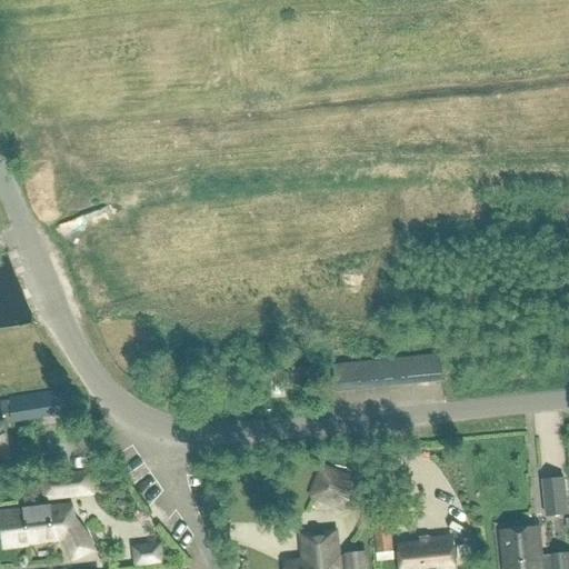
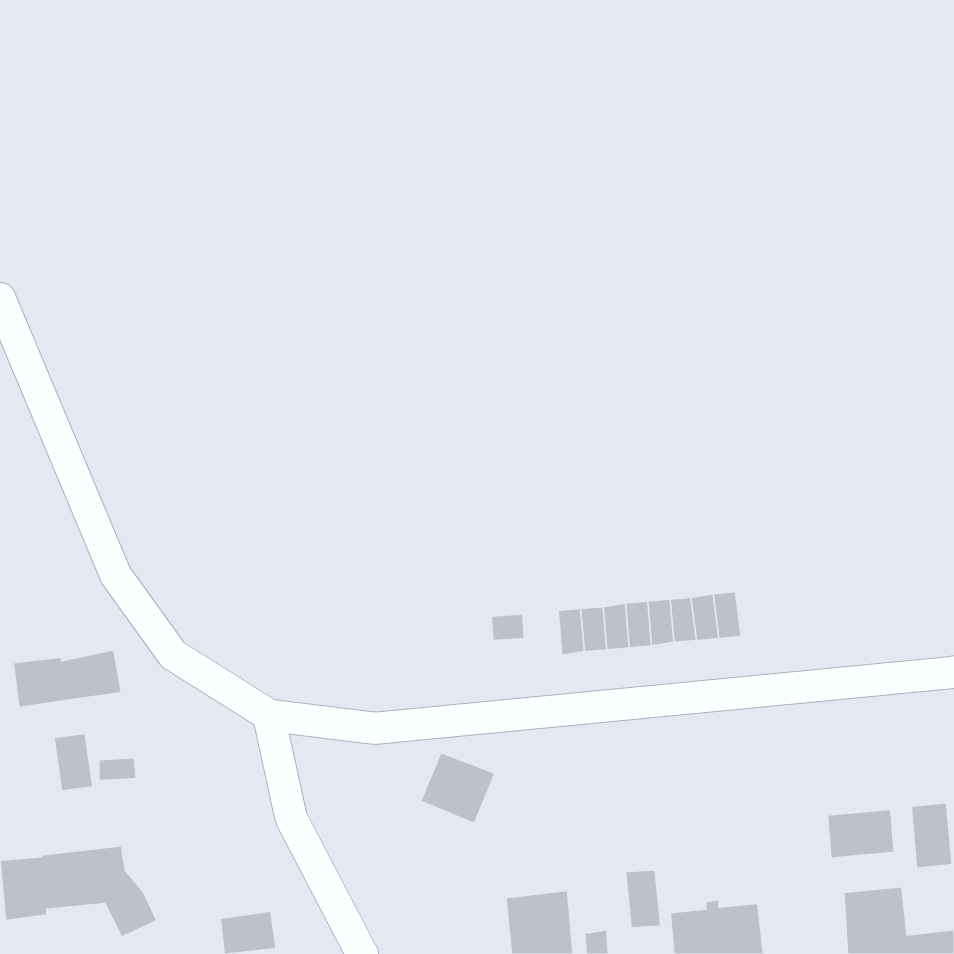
building: none -> [54,734,93,791]
building: [310,468,355,510] -> [420,753,495,823]
building: none -> [828,809,894,858]

